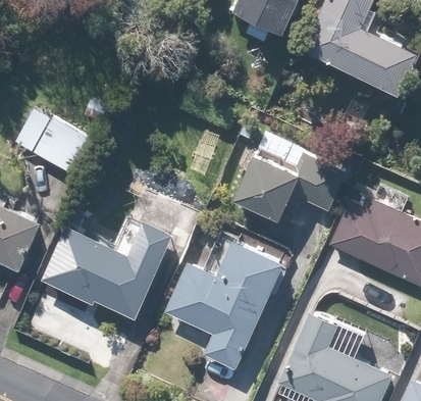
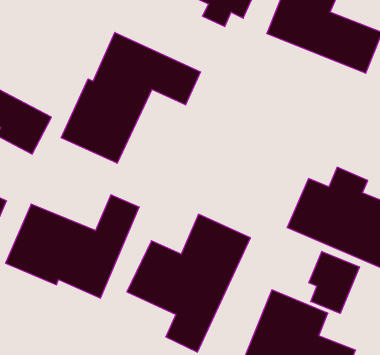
building: none -> [61,32,201,163]
building: [235,148,346,222] -> none
building: none -> [309,251,359,313]

